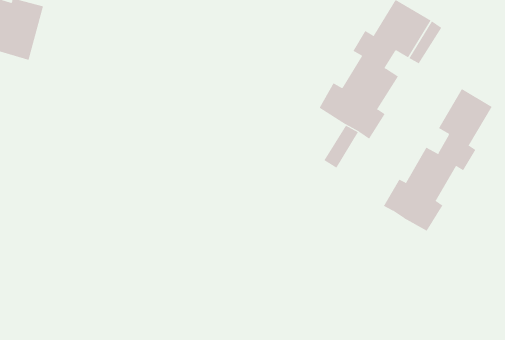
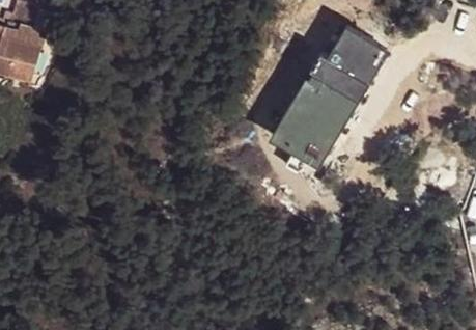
building: [383,88,492,231] -> none

